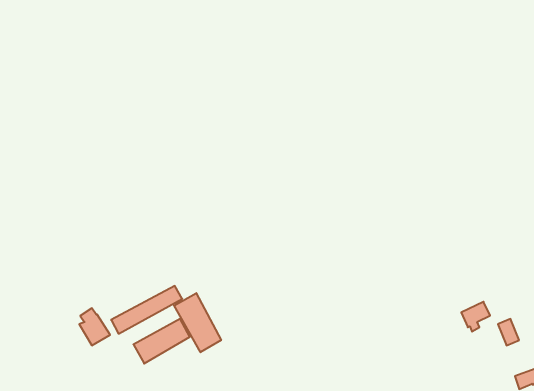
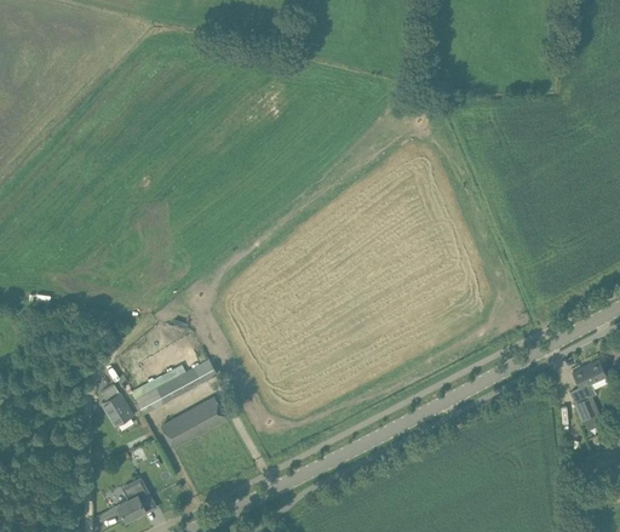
building: [174,293,221,352] -> none
building: [461,302,490,332] -> [572,359,604,393]

